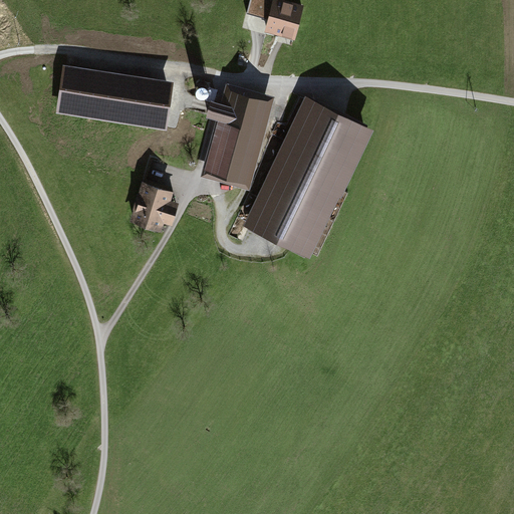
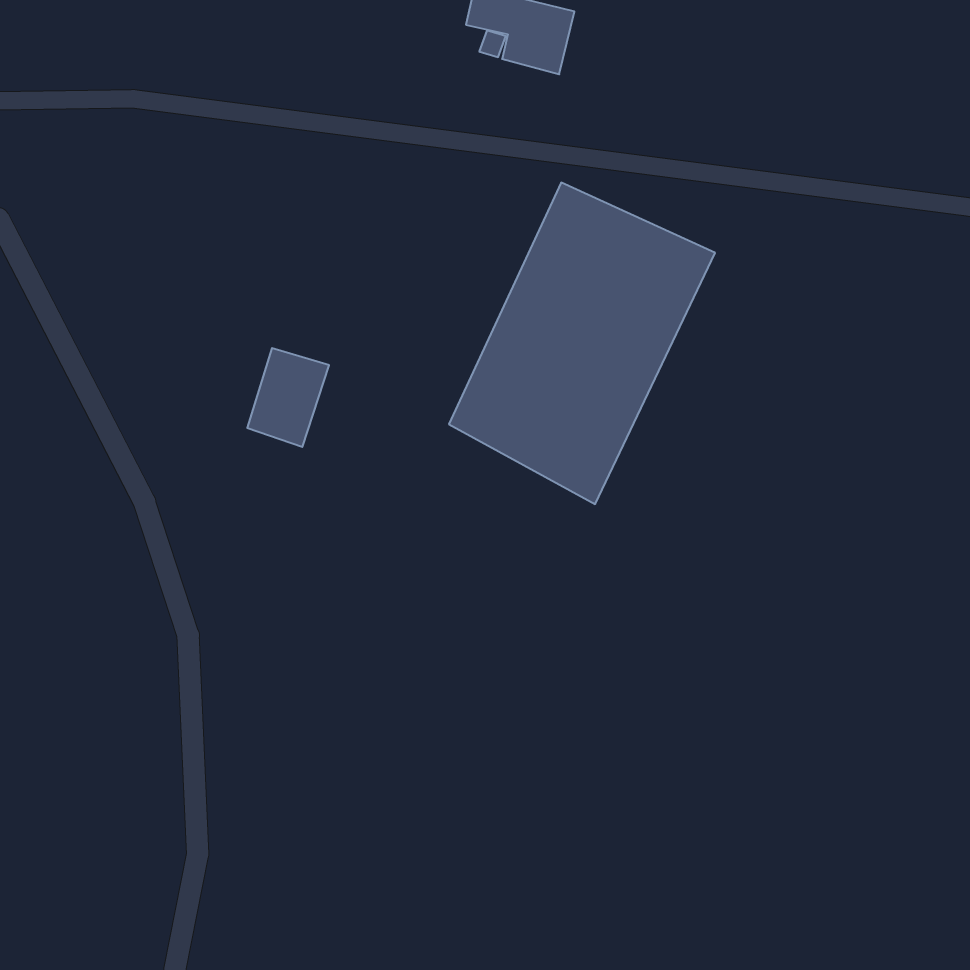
building: [55,64,173,128] -> none
building: [204,86,273,185] -> none

